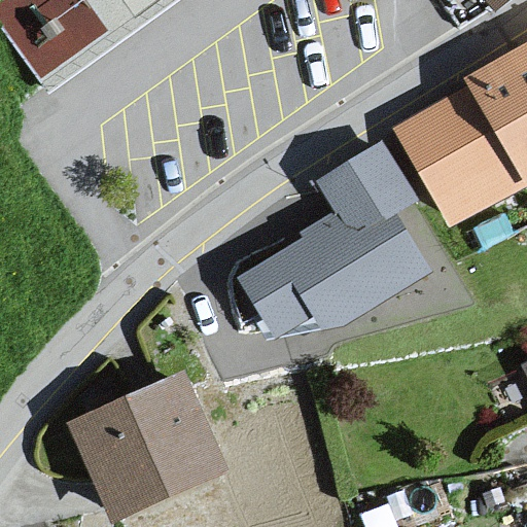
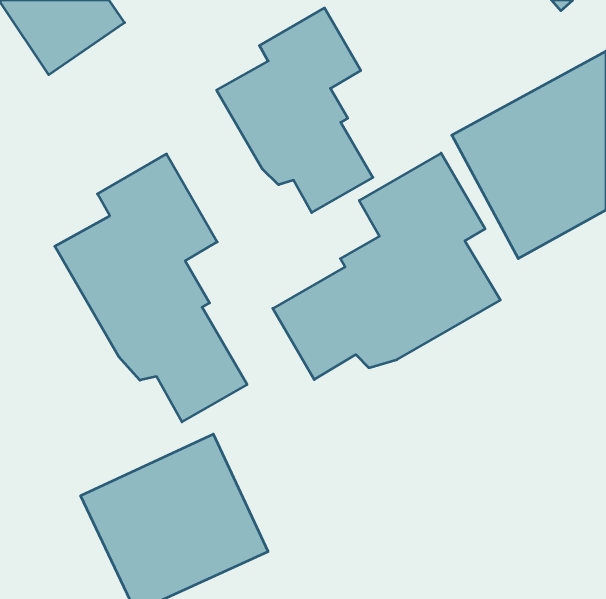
building: none -> [217,8,373,213]
building: none -> [55,154,247,422]

